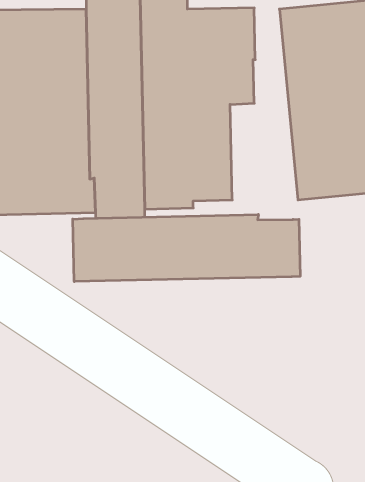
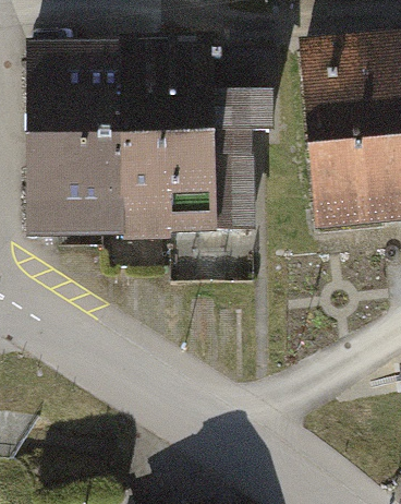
building: [73,214,300,282] -> none

